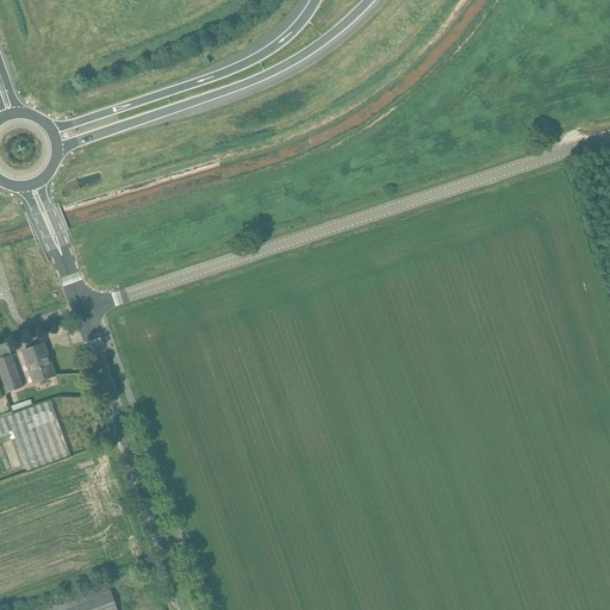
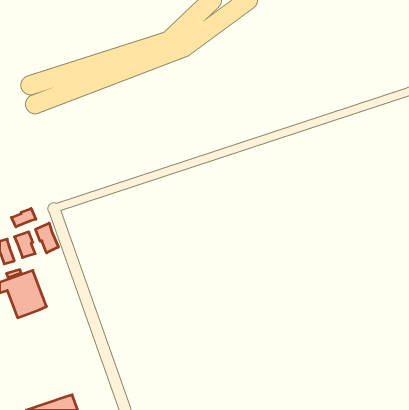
building: none -> [11,208,36,227]
building: none -> [36,223,58,253]

